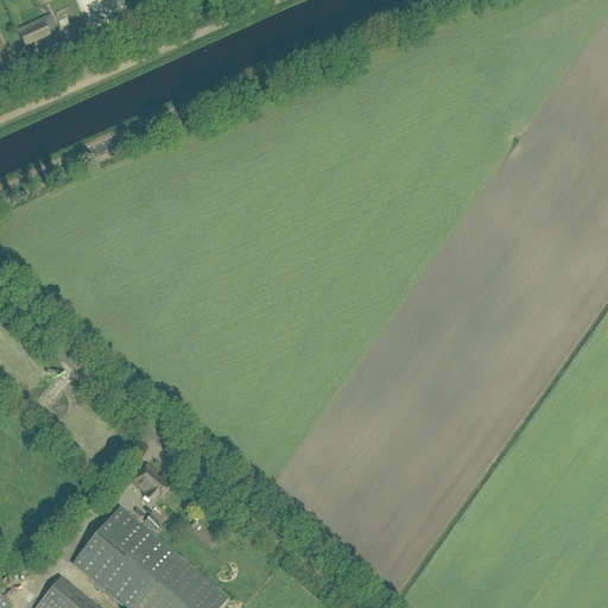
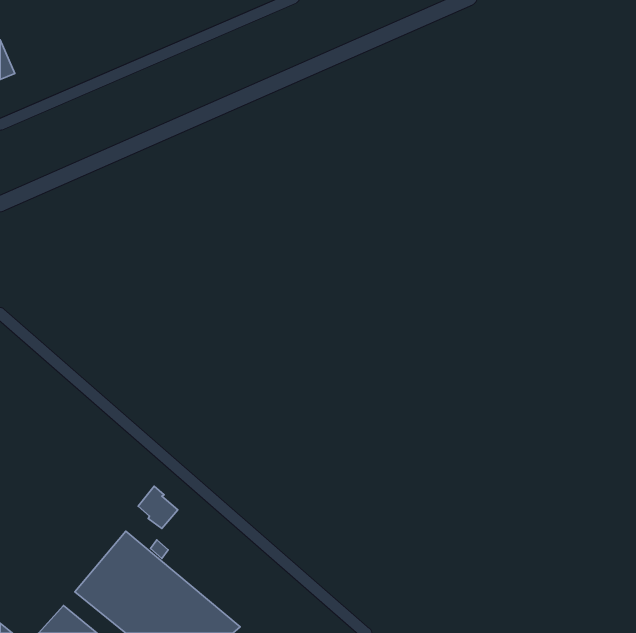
building: [17,15,55,48] -> none

